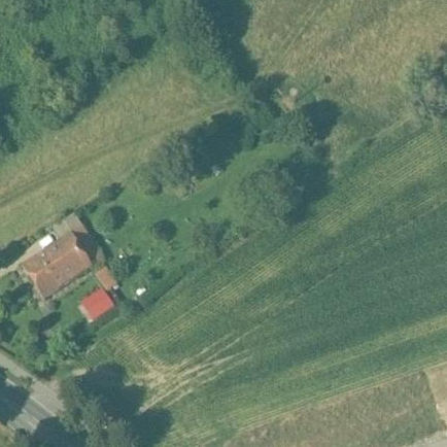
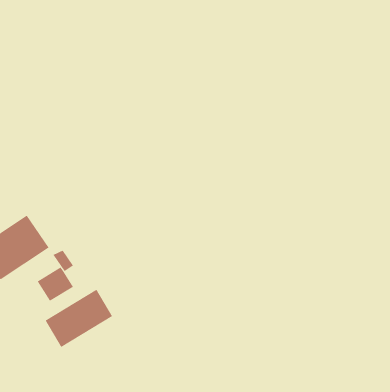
building: none -> [45,289,113,348]

